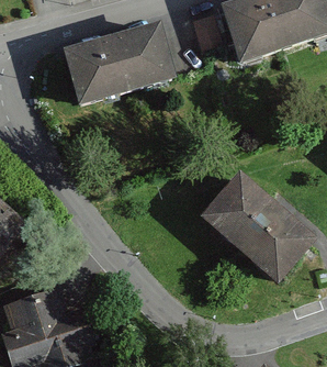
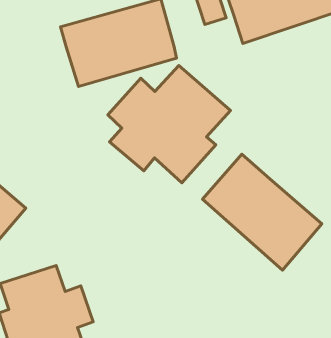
building: none -> [108,65,230,183]

